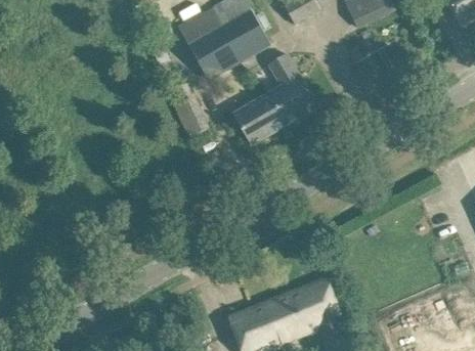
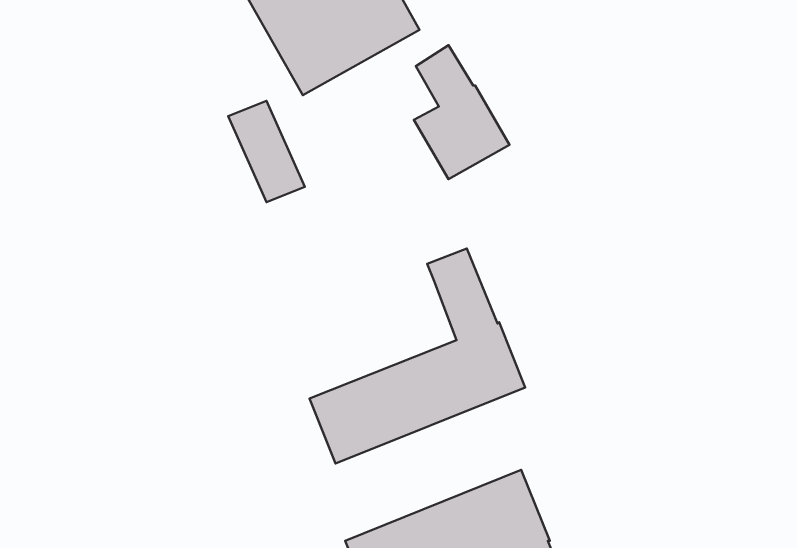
building: [232,92,286,145] -> none
building: none -> [310,248,525,464]

